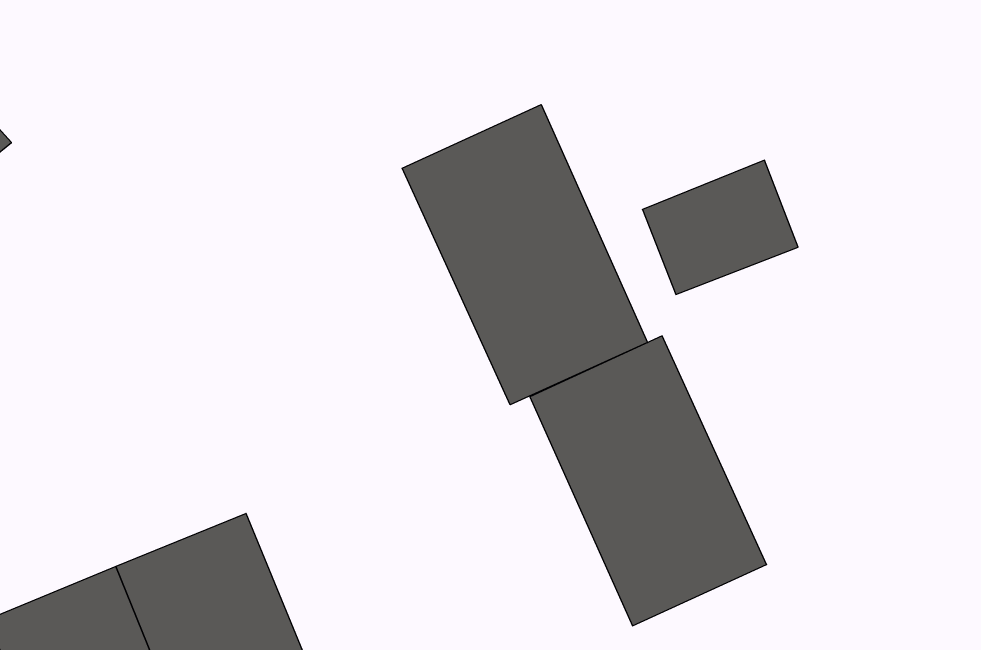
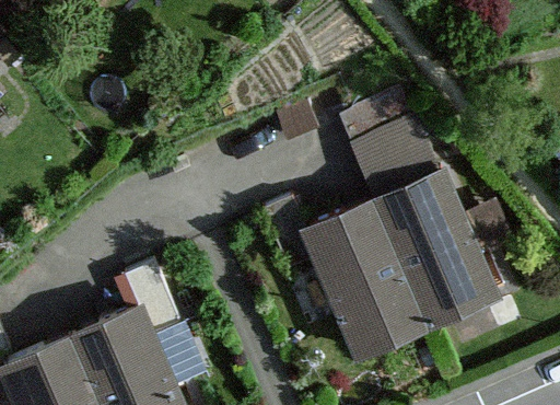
building: [402,105,648,405] -> none
building: none -> [373,170,498,327]

